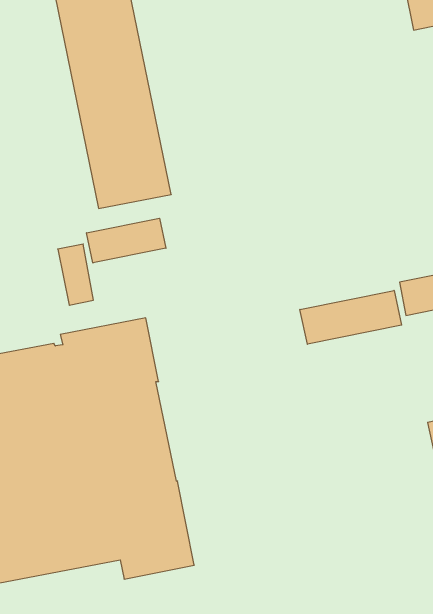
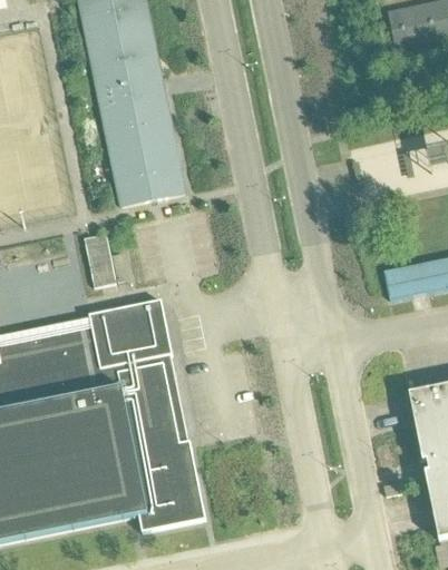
building: [87,218,166,263] -> none
building: [300,290,402,344] -> none

